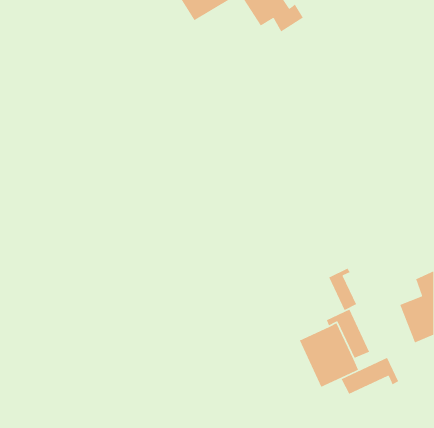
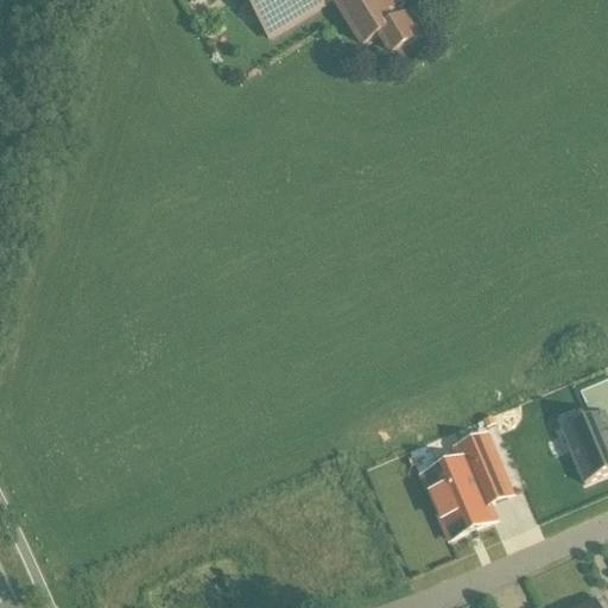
building: [328,268,357,311] -> none
building: [341,357,399,395] -> none

